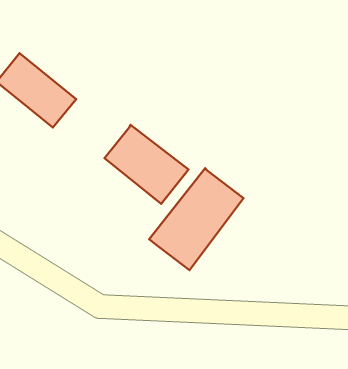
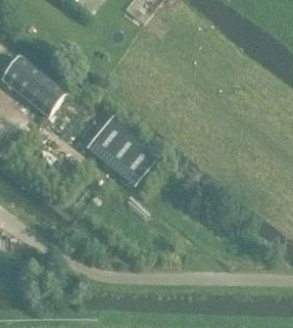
building: [149,168,244,270] -> none

